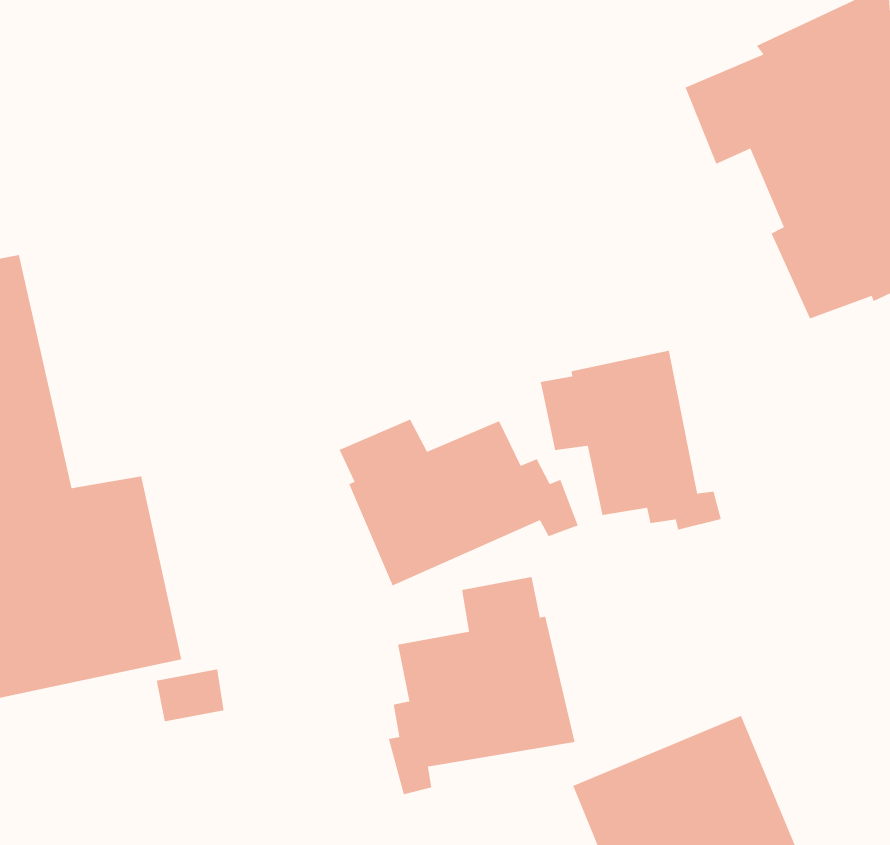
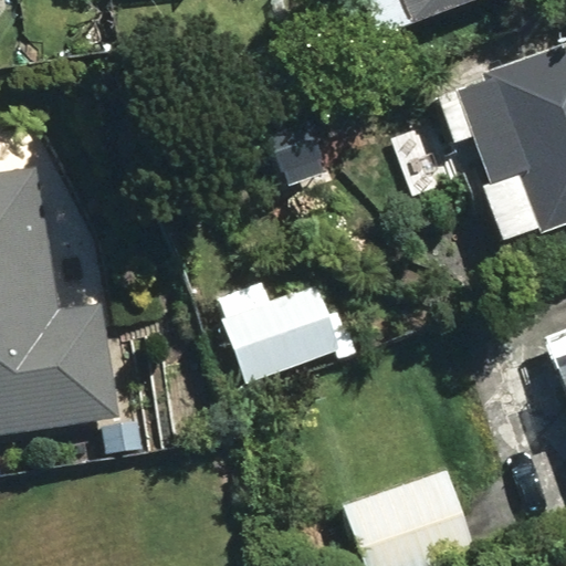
building: [540,350,722,531] -> none
building: [388,576,575,795] -> none

